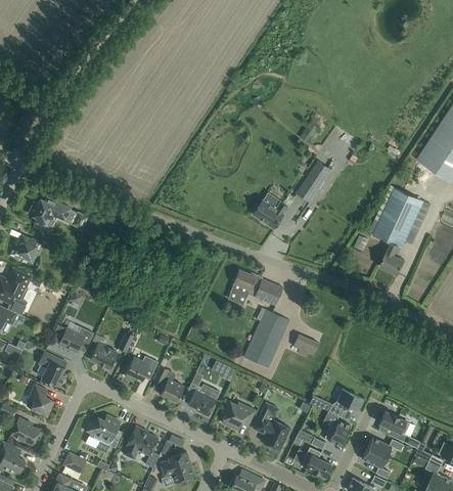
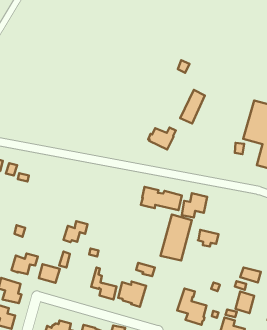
building: none -> [182,193,207,217]
building: [125,355,157,381] -> [64,221,88,242]
building: [221,400,255,430] -> none

